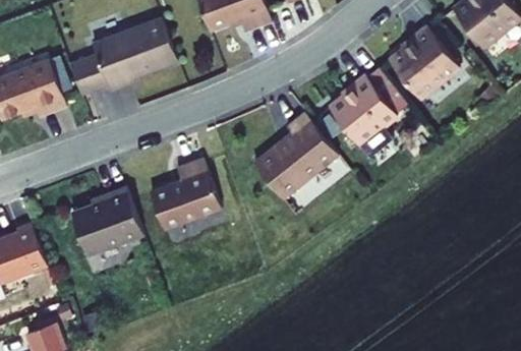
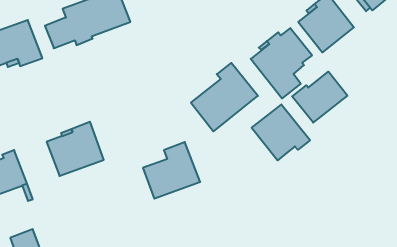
building: none -> [292,72,347,123]
building: [150,159,222,230] -> [143,142,200,199]
building: none -> [252,104,310,160]

